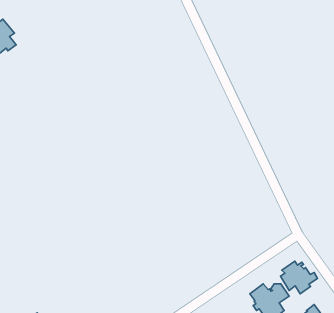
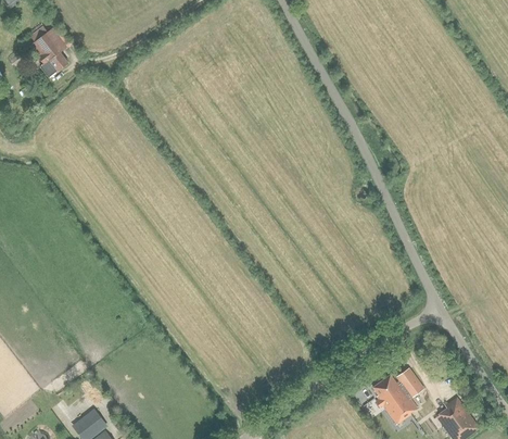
building: [281,261,317,294] -> none

